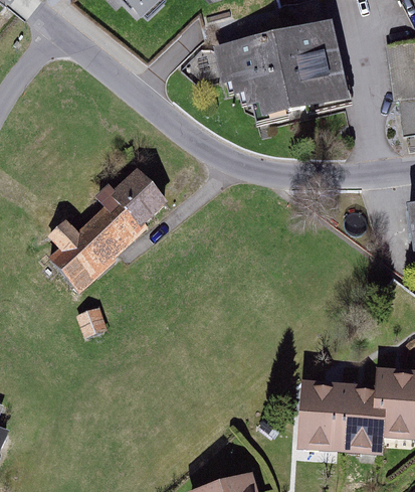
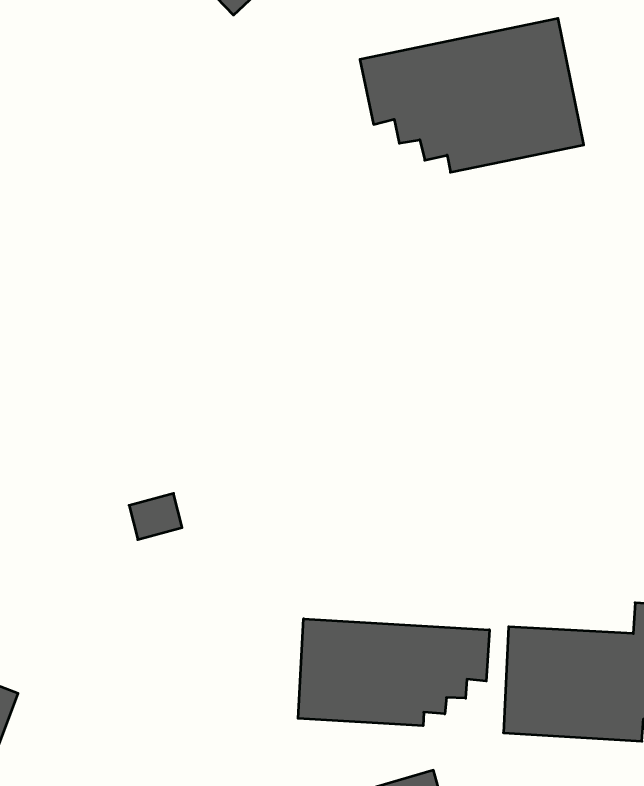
building: [56,167,170,279] -> none
building: none -> [298,619,489,726]

